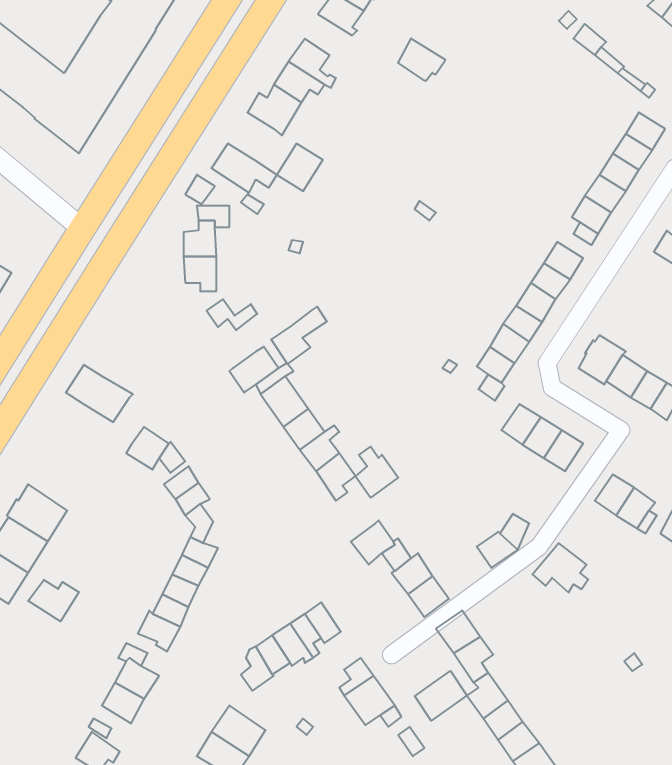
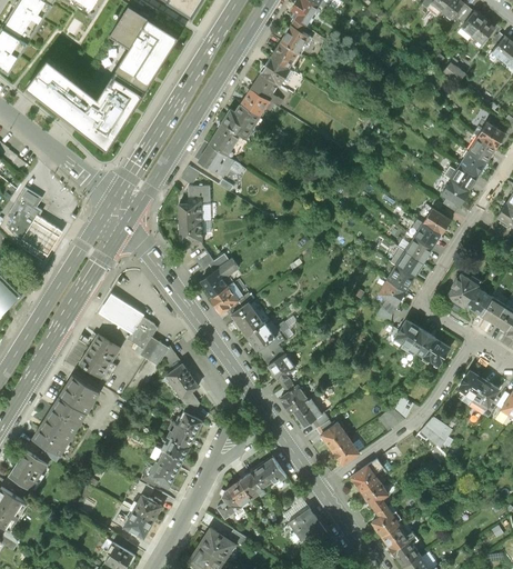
building: [398,38,445,81] -> [261,57,293,86]
building: [277,144,323,191] -> [209,123,240,156]
building: [271,307,327,364] -> [201,258,239,297]
building: none -> [128,317,158,349]
building: none -> [80,336,119,381]
building: [356,447,398,497] -> [280,381,309,416]
building: [28,580,79,621] -> none
building: [415,671,467,721] -> none

